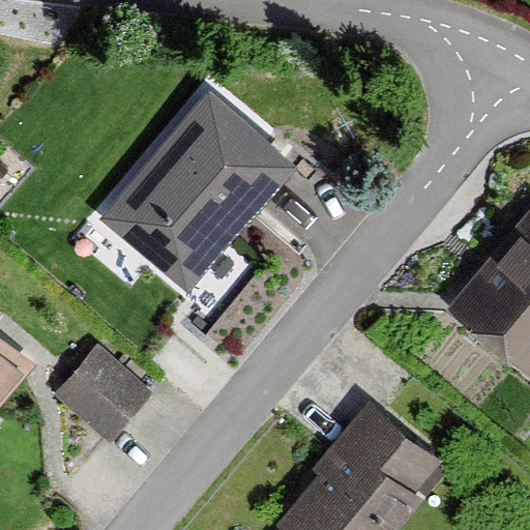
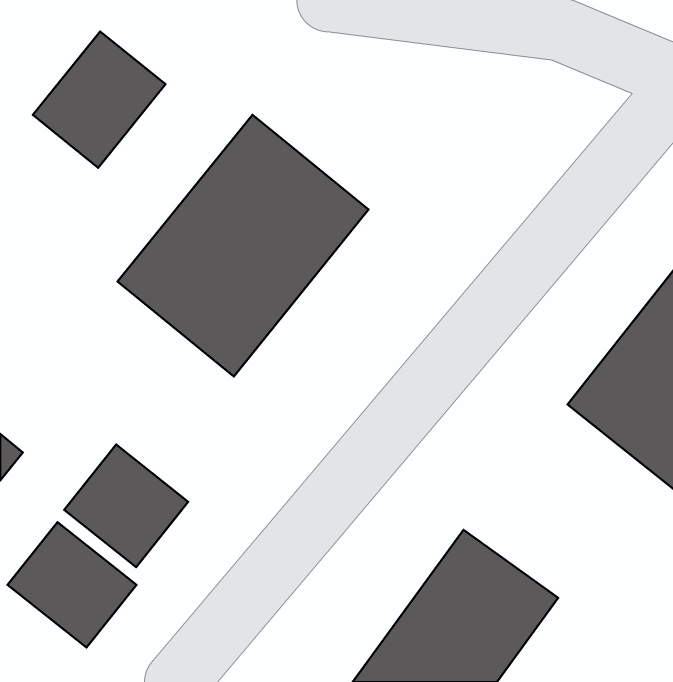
building: none -> [33,31,166,168]
building: none -> [8,522,136,648]

